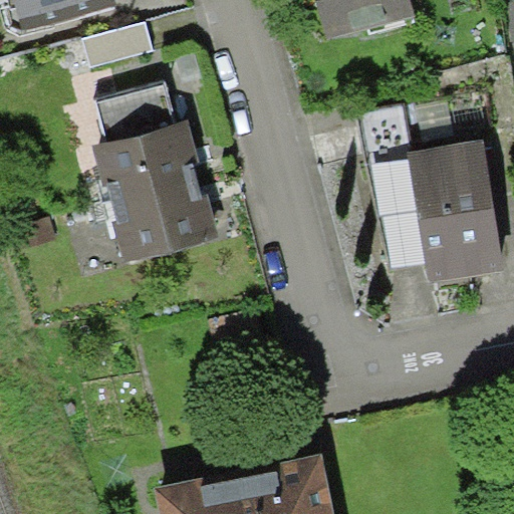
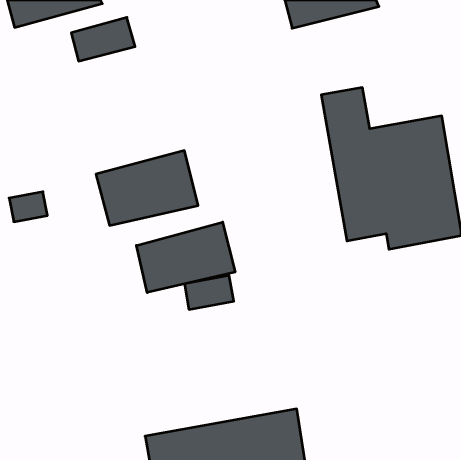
building: [89,83,203,199] -> none
building: none -> [136,222,235,293]

